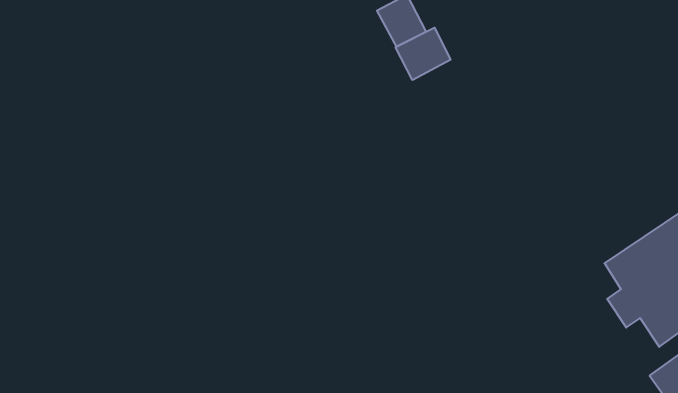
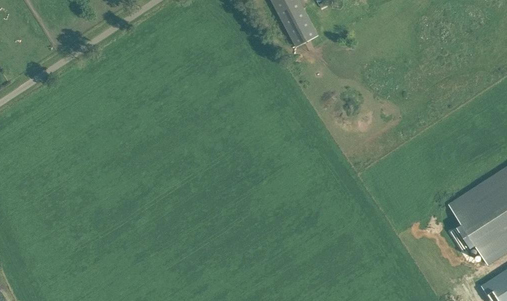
building: [396,28,450,80] -> none

